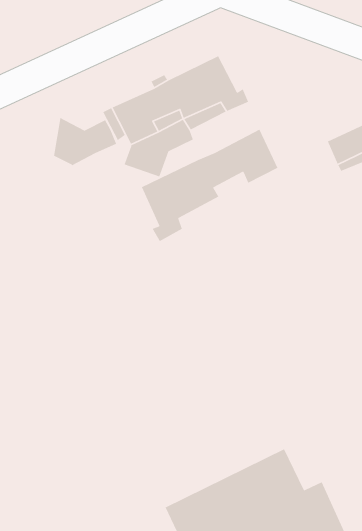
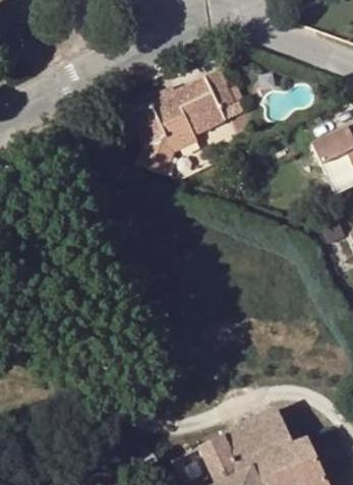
building: [53,117,117,166] -> none
building: [141,129,279,242] -> none

